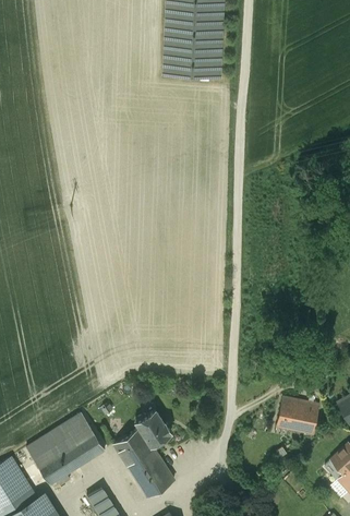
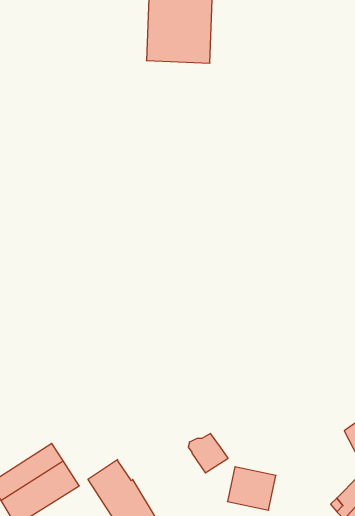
building: [277,396,319,434] -> [227,467,276,510]
building: [136,410,171,445] -> [188,433,228,473]

